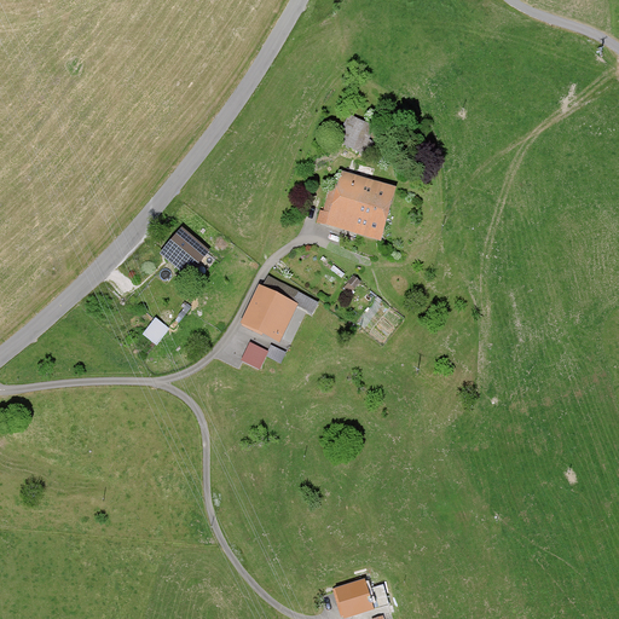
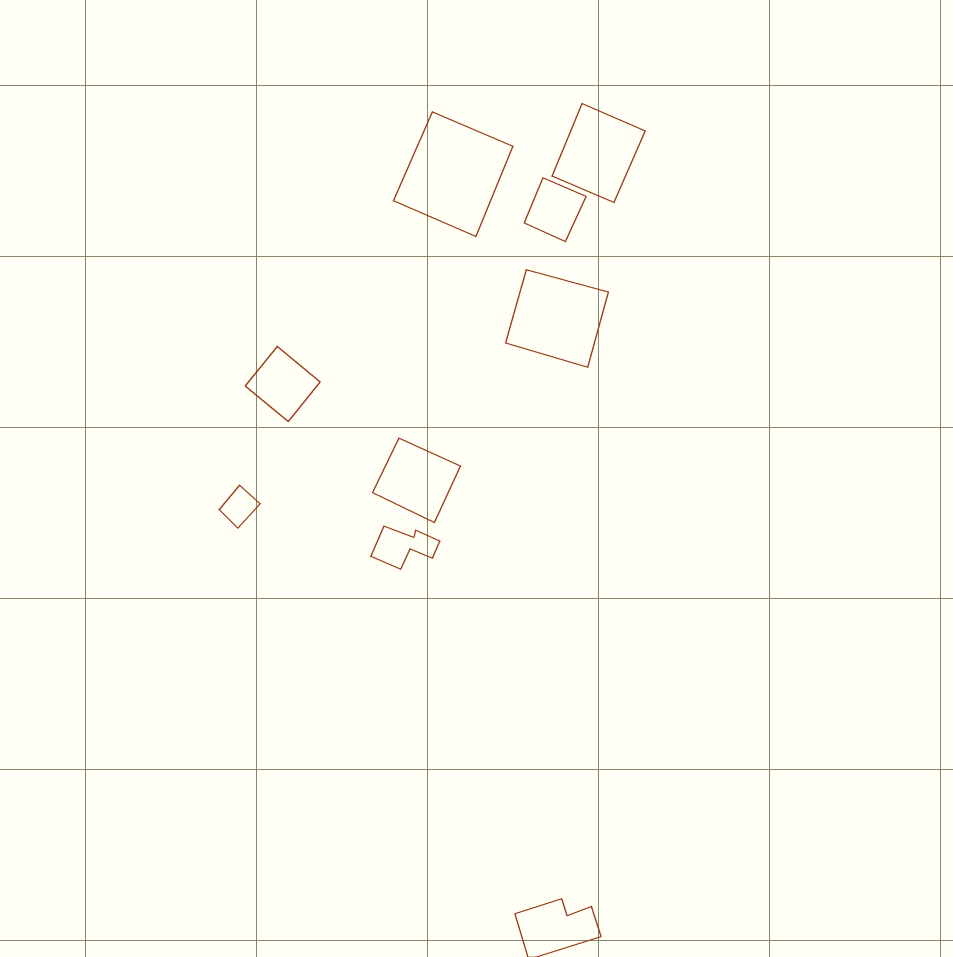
building: none -> [552,103,645,203]
building: none -> [393,112,513,237]

